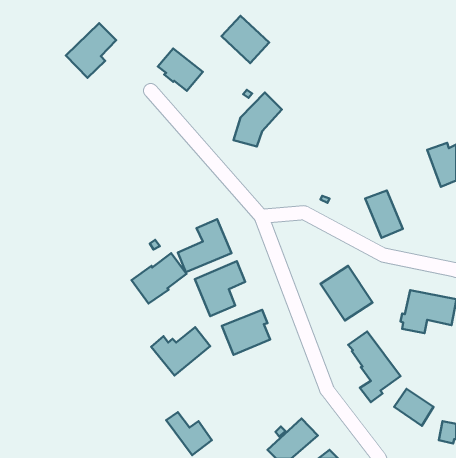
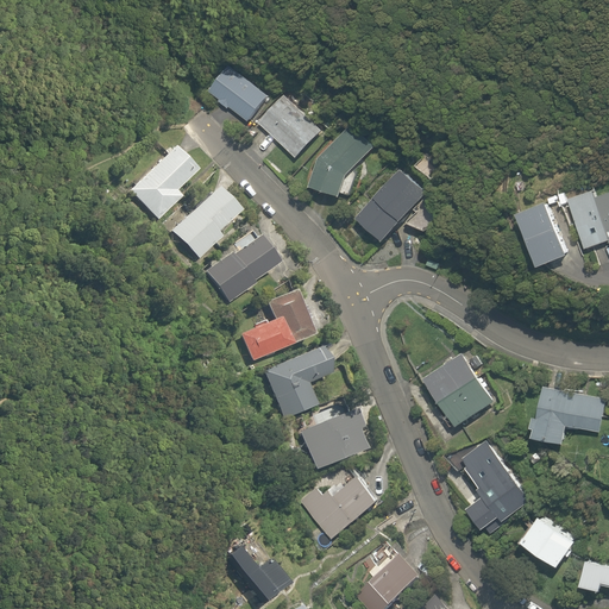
building: [222,16,269,63] -> [257,95,320,158]
building: [66,23,116,78] -> [124,149,190,221]
building: none -> [357,169,426,240]
building: none -> [165,189,233,260]
building: [365,190,403,238] -> [517,202,567,265]
building: [132,253,186,303] -> [200,237,272,303]
building: [151,327,210,376] -> [300,475,378,539]

